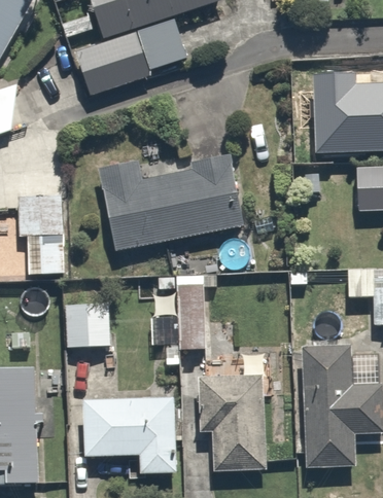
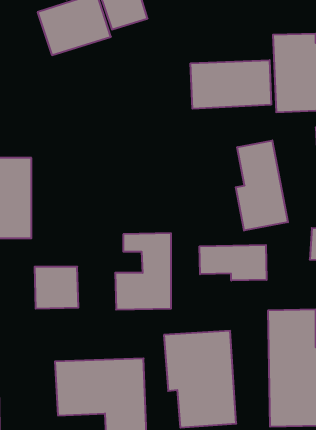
building: none -> [191,60,271,109]
building: [102,162,248,250] -> none
building: none -> [236,140,288,231]
building: none -> [200,245,267,281]

